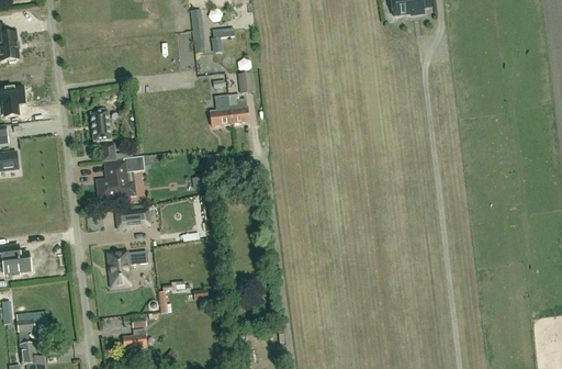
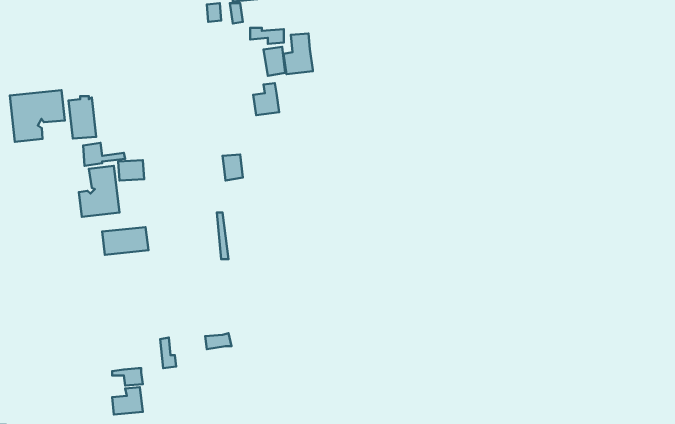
building: [210,94,232,125] -> [284,33,313,74]
building: none -> [10,90,65,142]
building: [108,250,148,286] -> none

